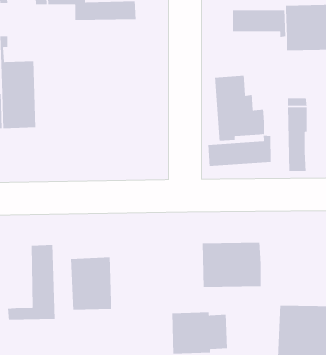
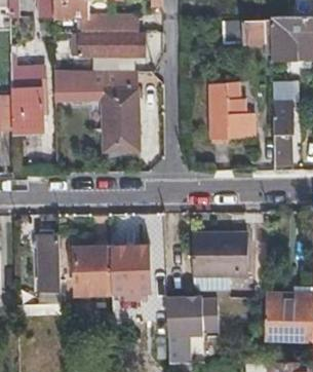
building: none -> [72,34,144,55]
building: none -> [55,70,140,151]
building: [207,135,272,167] -> none
building: none -> [112,246,153,301]

